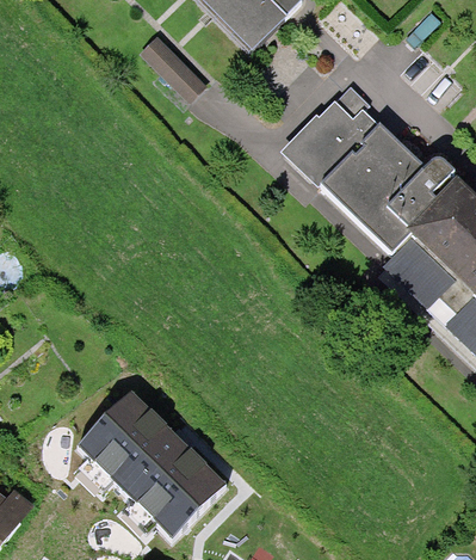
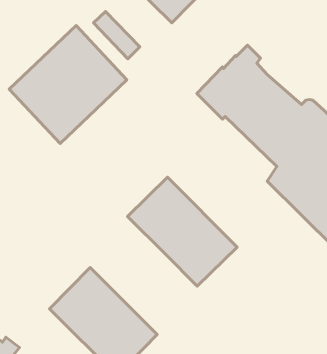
building: none -> [9,26,127,144]
building: none -> [128,177,237,286]

